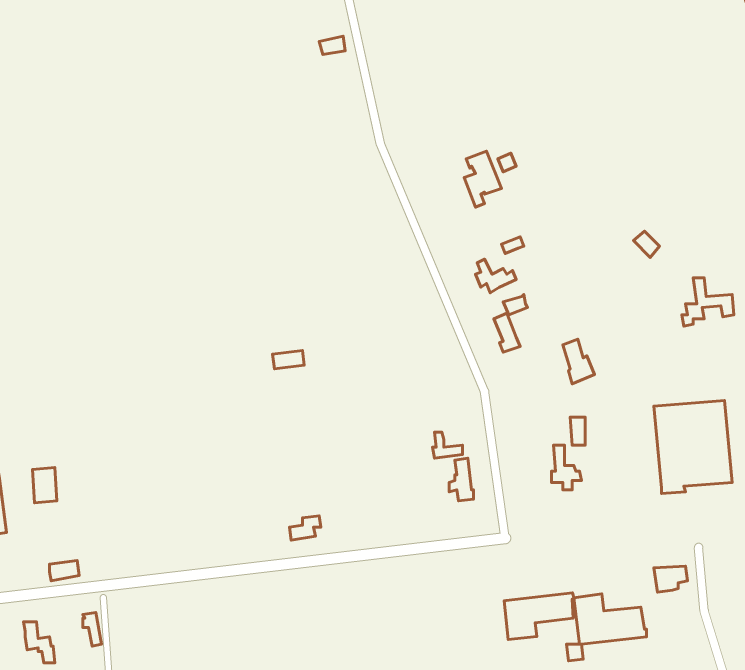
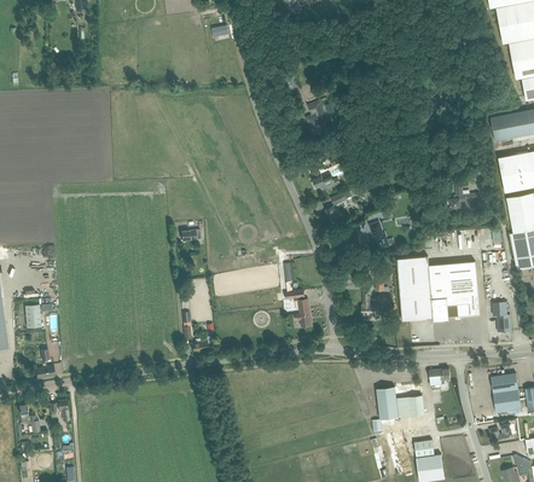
building: none -> [397,257,434,321]
building: [504,593,574,639] -> none

